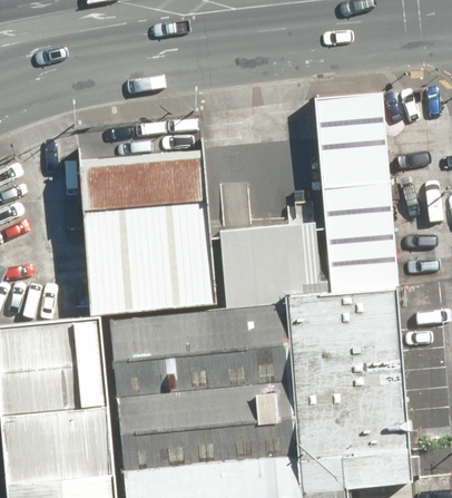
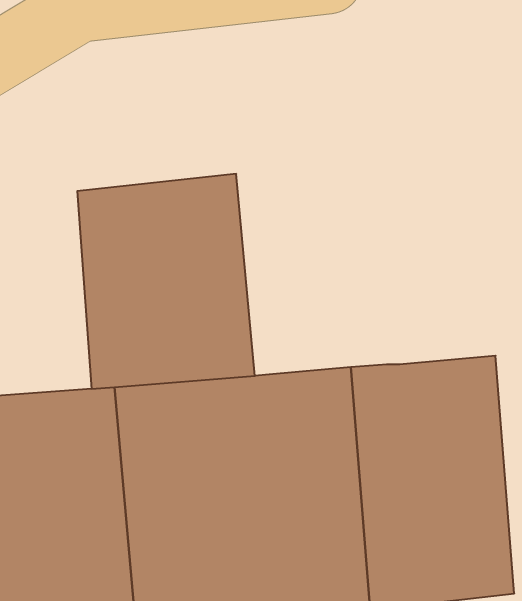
building: [306,94,400,301] -> none
building: [218,222,315,309] -> none

